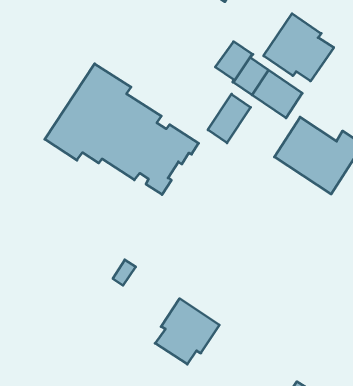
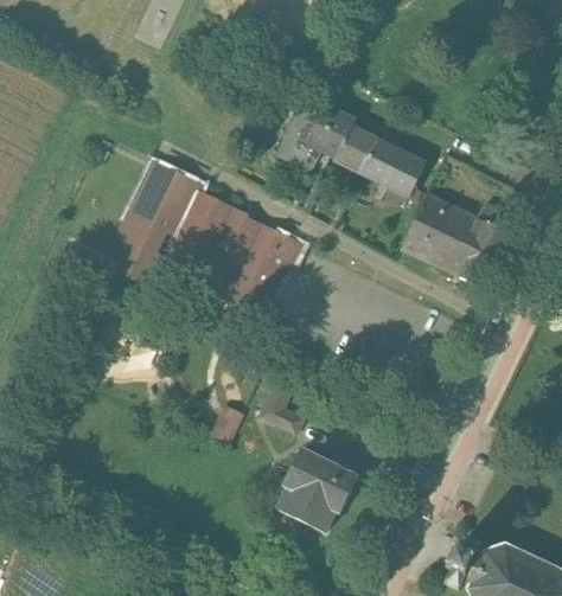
building: [264,14,334,81] -> none
building: [208,94,251,143] -> none
building: none -> [258,382,302,431]

